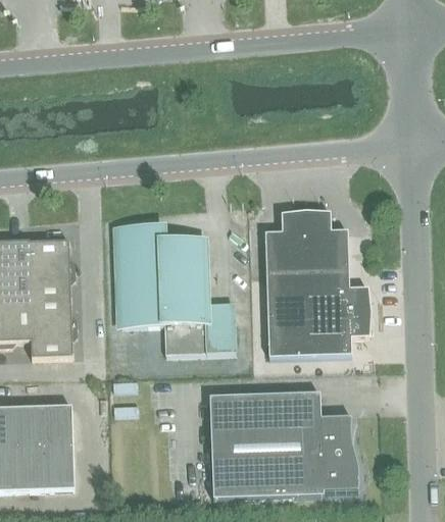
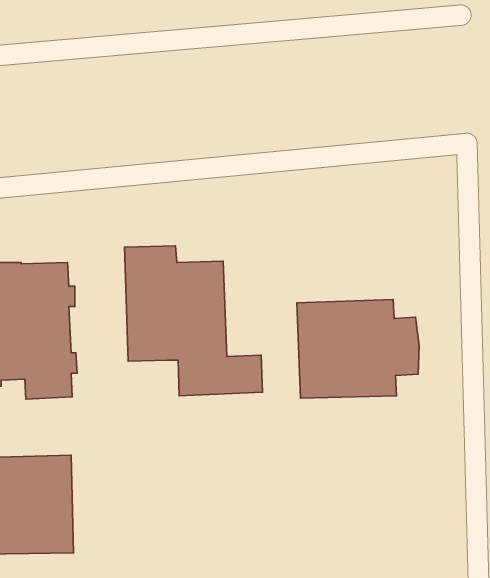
building: [264,210,348,274] -> none
building: [209,392,358,498] -> none

